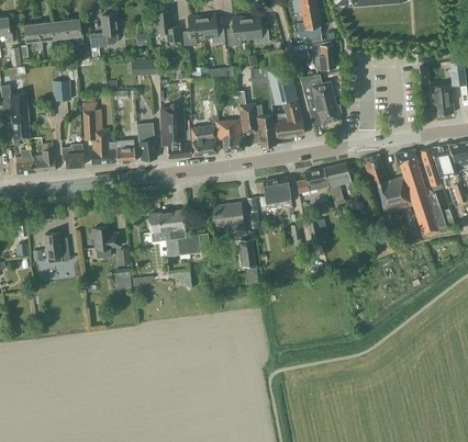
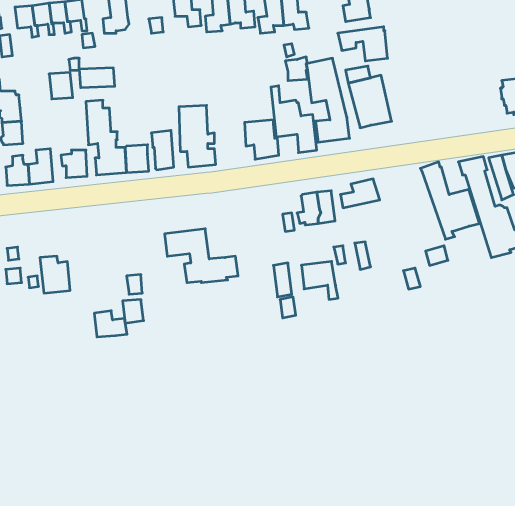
building: [131,59,160,76] -> [79,68,115,88]
building: [191,100,218,155] -> none
building: [323,162,357,209] -> none
building: [214,202,245,234] -> [301,261,338,299]
building: [93,226,121,248] -> [94,311,127,337]

